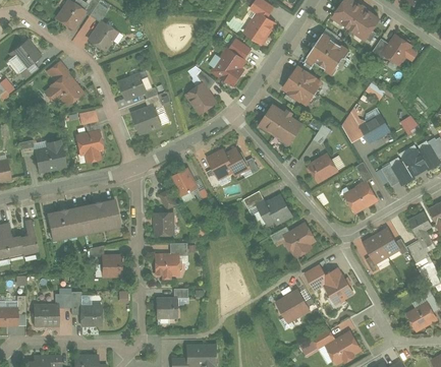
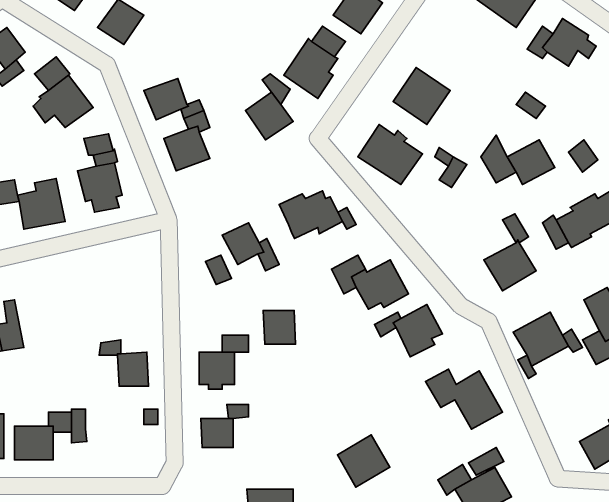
building: [306,33,347,73] -> none
building: [306,152,337,183] -> none
building: [46,197,119,237] -> none
building: [152,212,173,235] -> [263,310,296,344]
building: [275,289,310,323] -> [337,435,390,487]
building: [78,304,101,325] -> none

